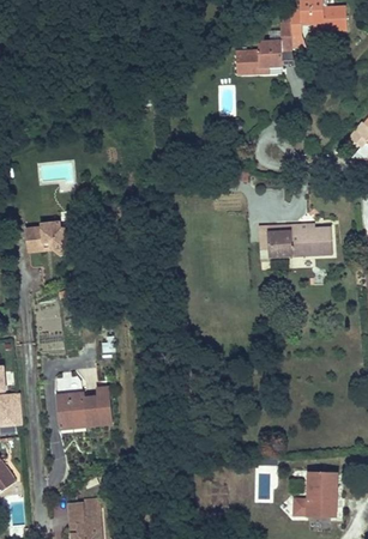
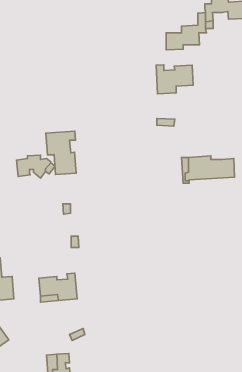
building: none -> [156,65,193,94]
building: none -> [46,131,76,175]
building: [294,472,337,516] -> none

